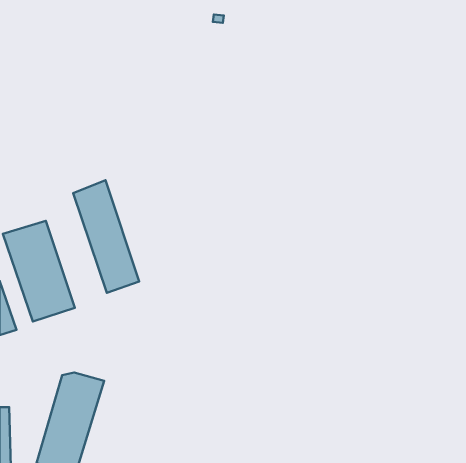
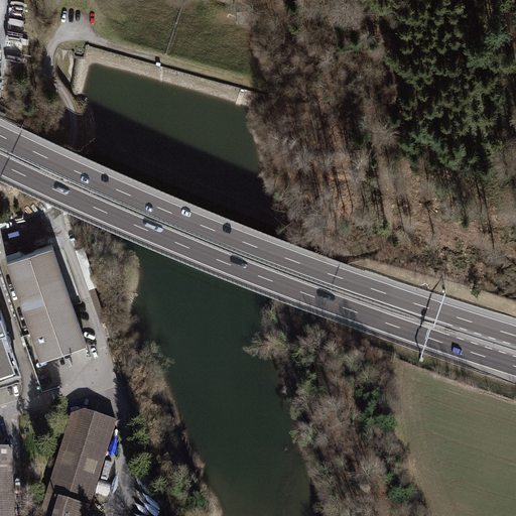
building: [73,180,139,293] -> none

